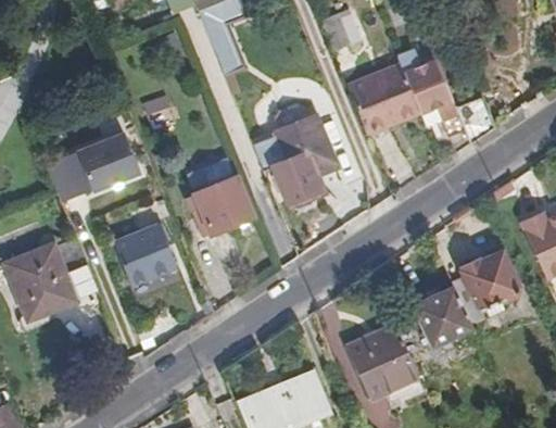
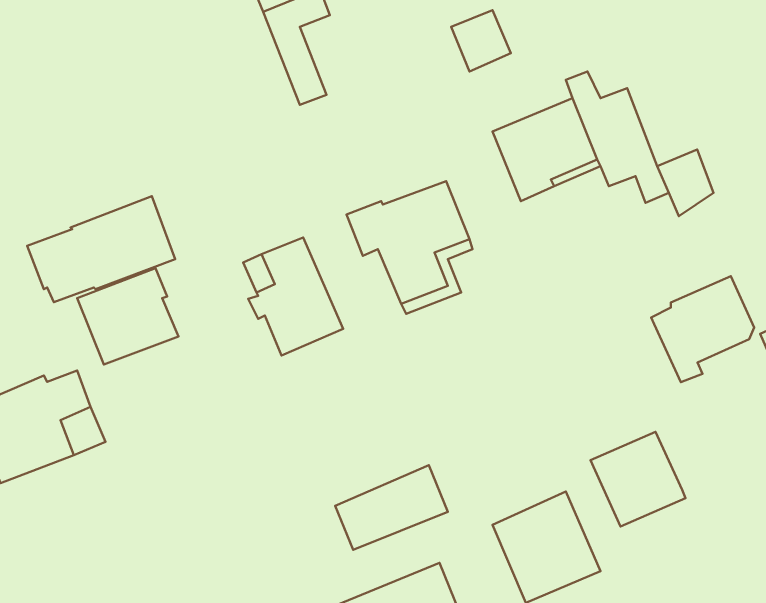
building: [111,223,177,286] -> [77,268,179,365]
building: [452,253,519,323] -> [651,276,754,382]
building: none -> [335,465,448,550]

